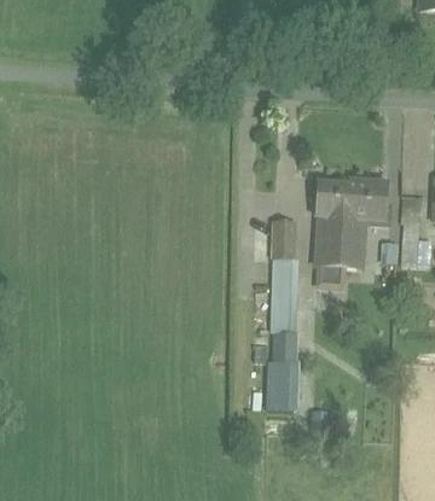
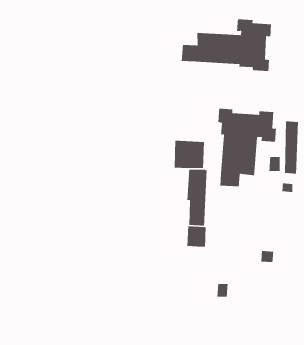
building: none -> [181,18,272,72]
building: [267,361,296,412] -> none

